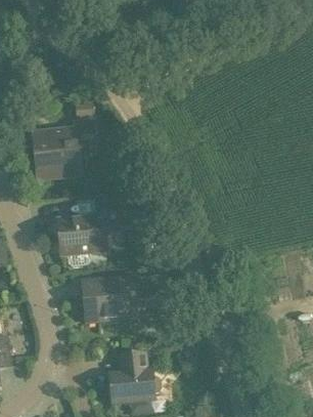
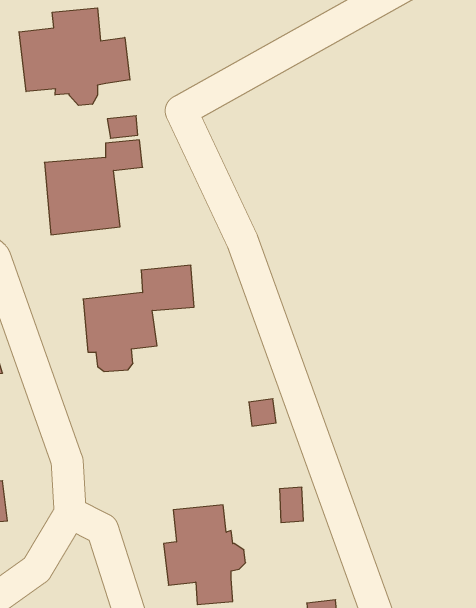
building: none -> [19,8,130,105]
building: [82,272,139,321] -> none

